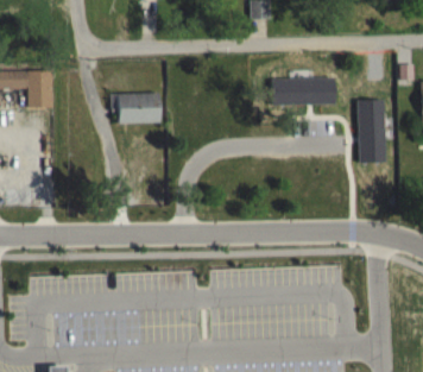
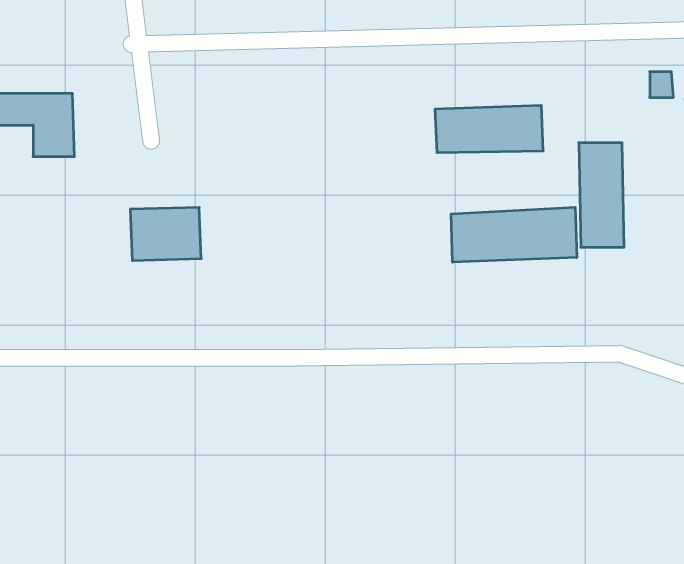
building: [118,90,160,122] -> [130,207,201,261]
building: none -> [451,207,577,262]

